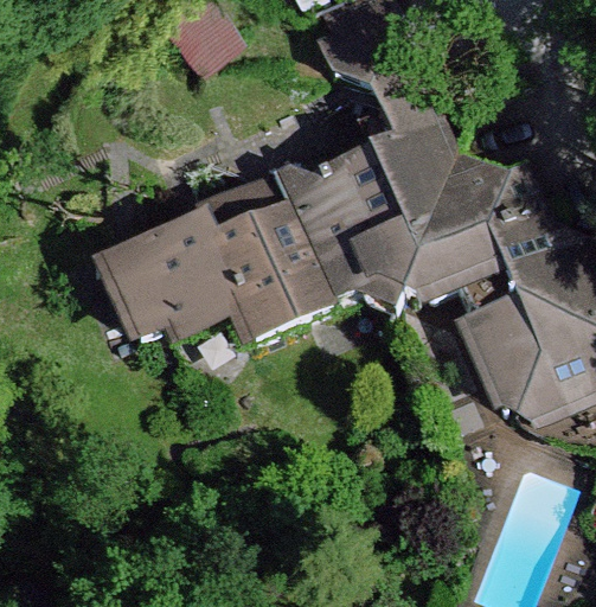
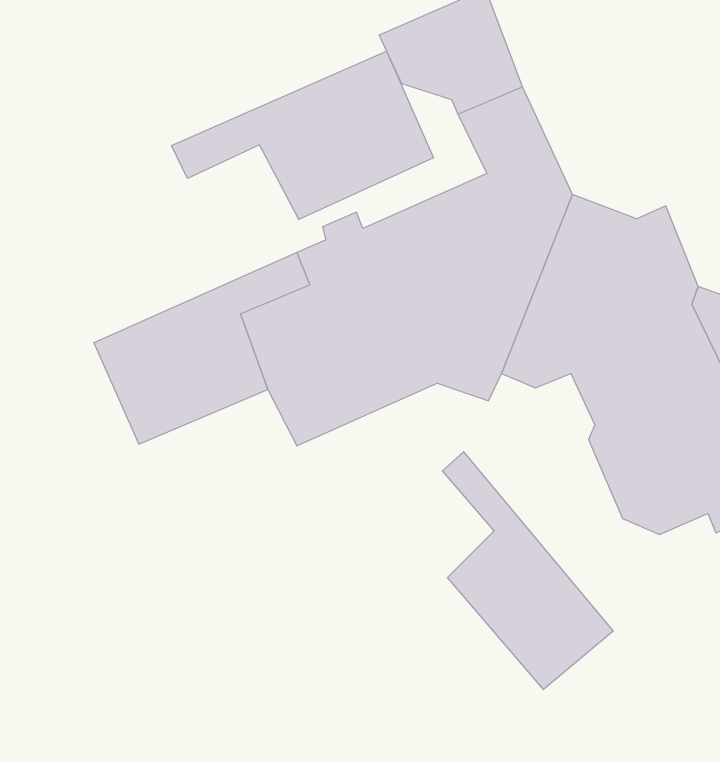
building: none -> [172,51,433,220]
building: none -> [443,452,613,690]

